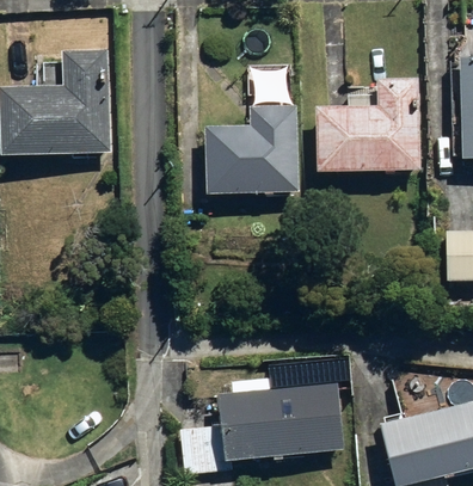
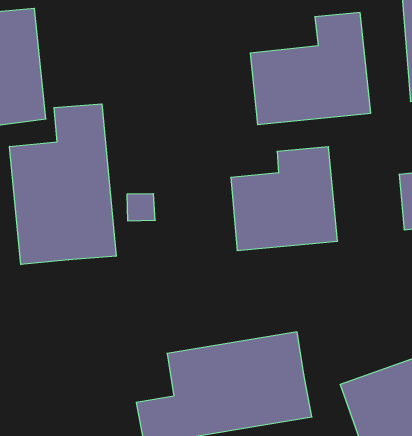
building: [202,101,299,193] -> [231,147,338,250]
building: none -> [10,104,116,265]

